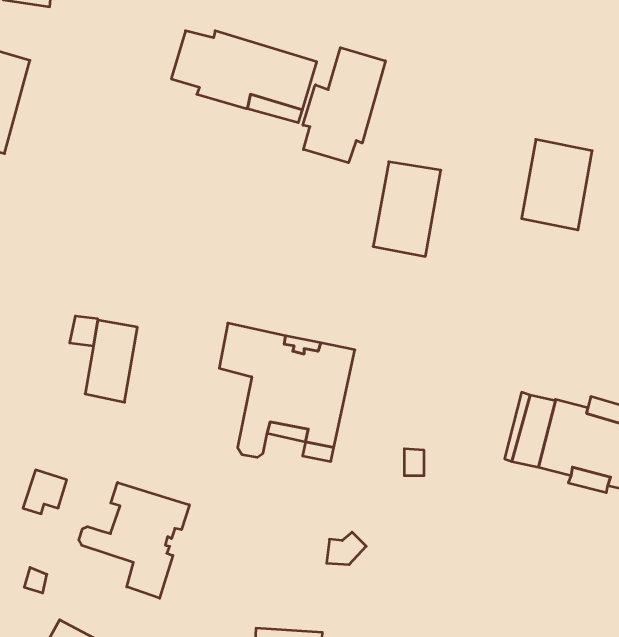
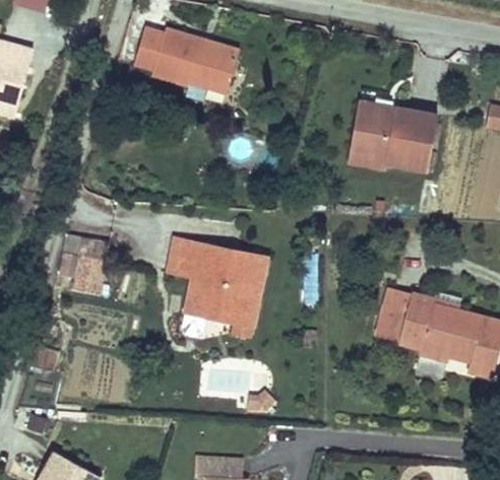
building: [303,48,385,163] -> none
building: [373,162,441,256] -> [348,100,396,168]
building: [79,482,189,598] -> none

